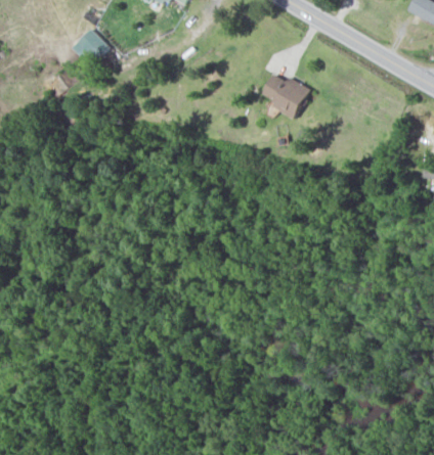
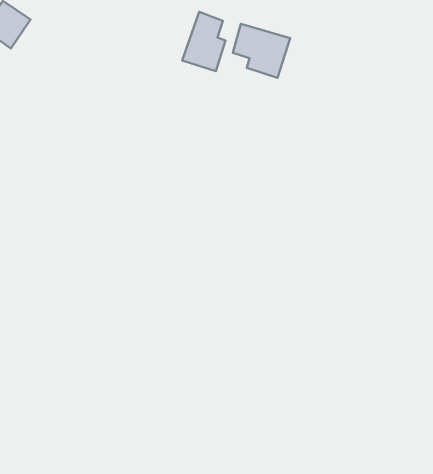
building: none -> [182,12,225,71]

